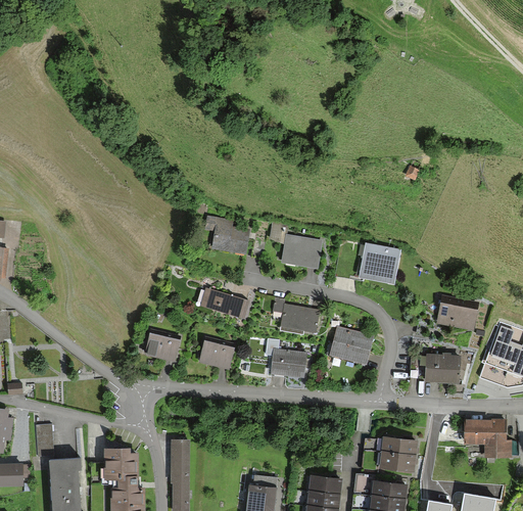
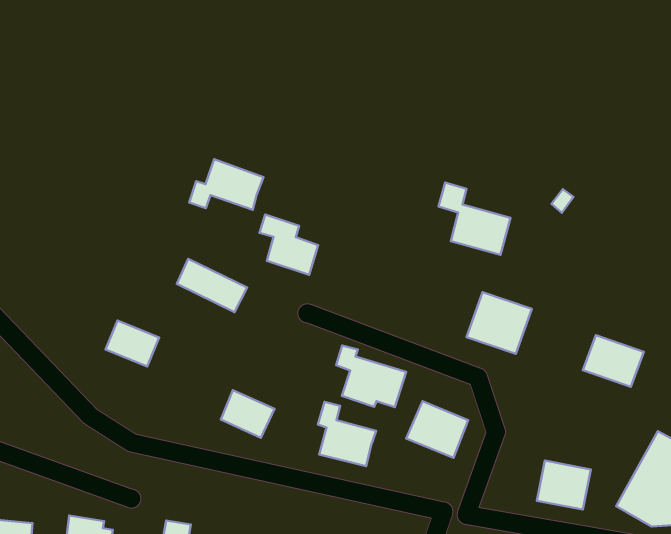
building: none -> [189,159,264,210]
building: [268,223,319,267] -> [438,182,511,255]
building: [200,289,249,321] -> [177,259,247,312]
building: [436,297,476,329] -> [583,335,644,387]
building: [144,335,180,364] -> [105,320,159,367]

